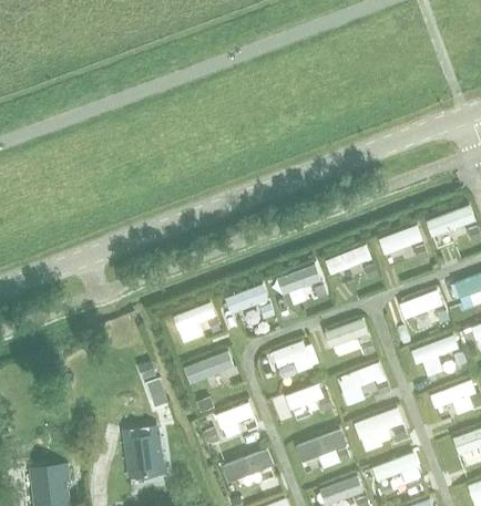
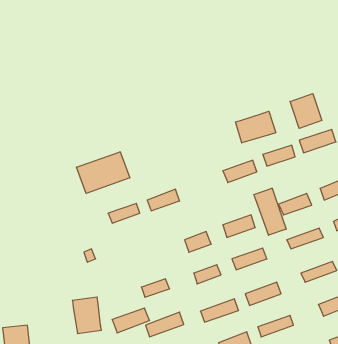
building: none -> [290,94,322,128]
building: none -> [235,111,276,143]
building: none -> [76,152,130,193]
building: [276,265,320,295] -> none
building: none -> [254,188,286,235]
building: [184,351,234,384] -> [112,308,150,333]

